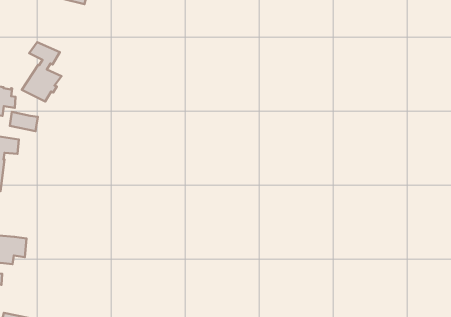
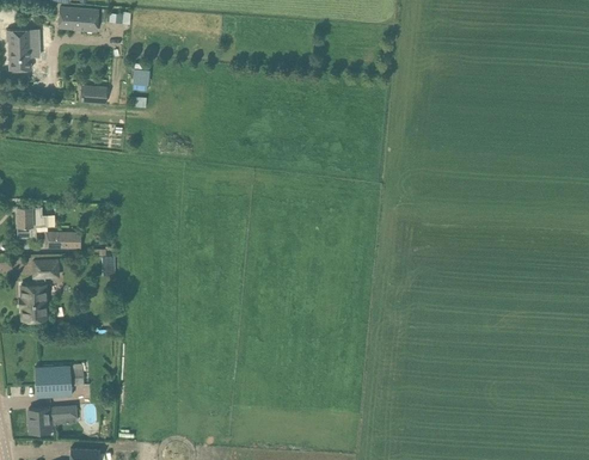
building: [22,42,61,101] -> none

